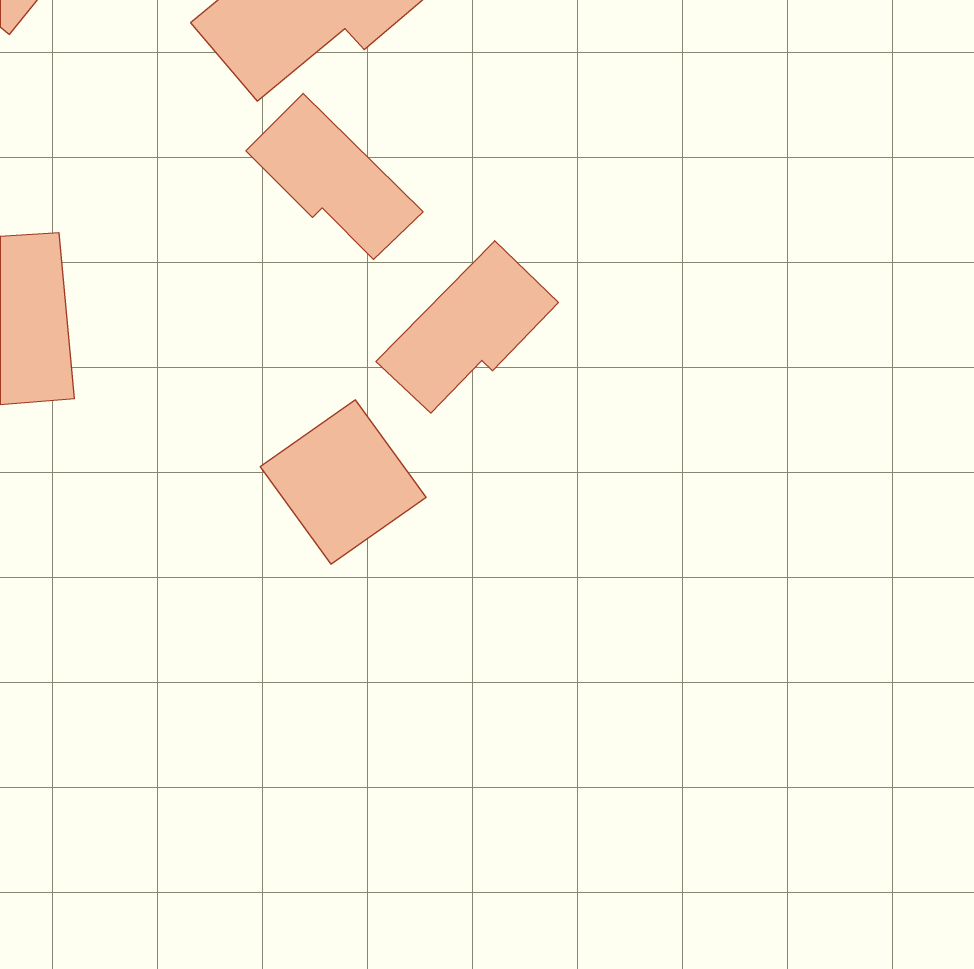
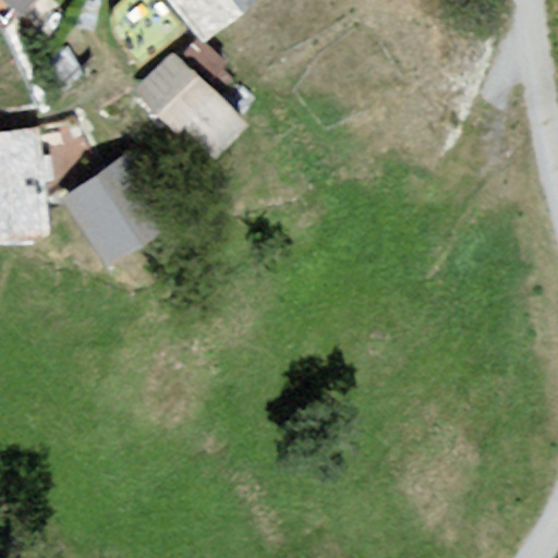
building: [376,241,558,413] -> none
building: [260,400,426,564] -> [74,159,169,253]

